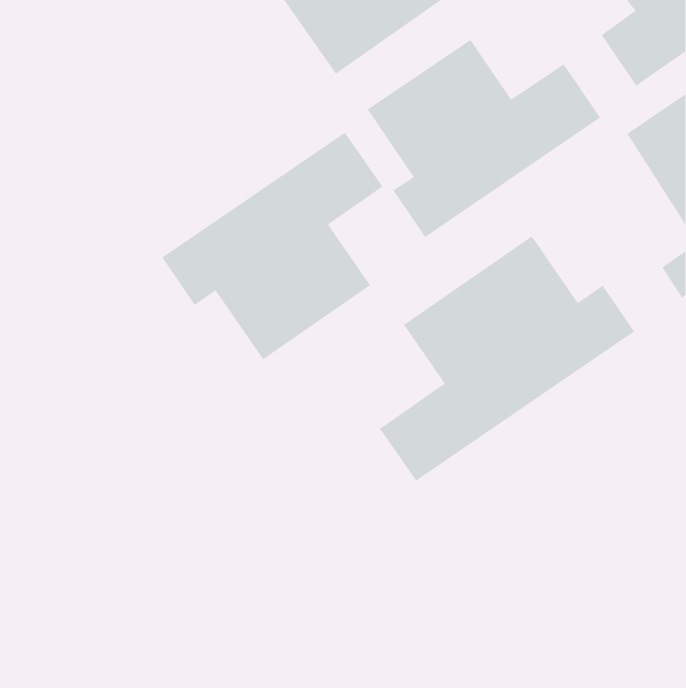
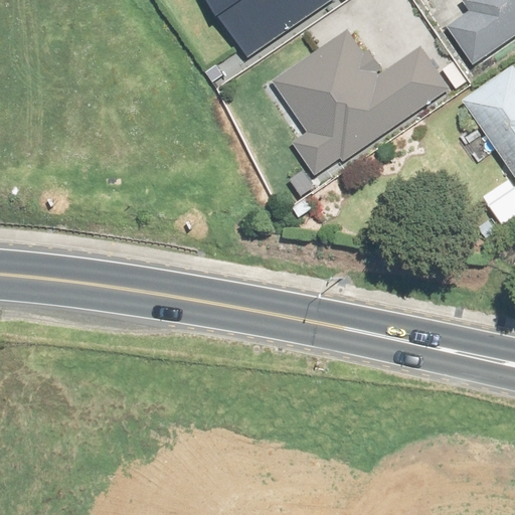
building: [162,132,383,360] -> none
building: [379,236,635,482] -> none

